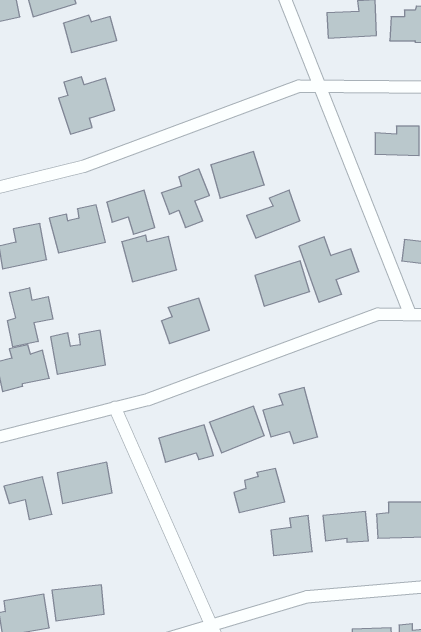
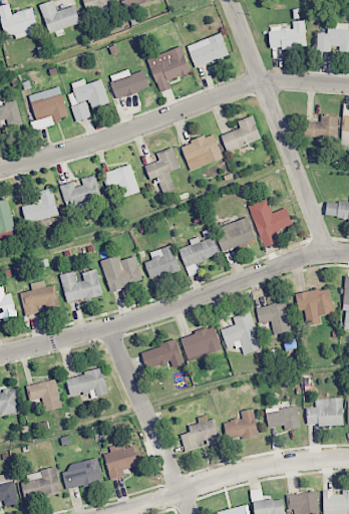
building: [63,15,117,53] -> [109,69,149,97]
building: none -> [187,32,230,68]
building: none -> [147,46,191,92]
building: none -> [30,87,66,119]
building: [247,190,300,238] -> [221,115,261,152]
building: [122,235,177,282] -> [101,255,142,290]
building: none -> [180,237,219,276]
building: [7,288,53,347] -> none
building: none -> [296,288,334,325]
building: none -> [256,302,291,334]
building: [234,469,285,513] -> [181,417,219,450]
building: none -> [104,444,138,479]

